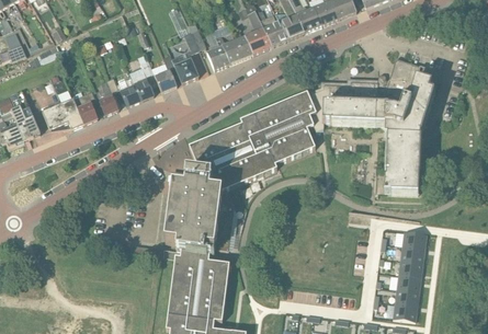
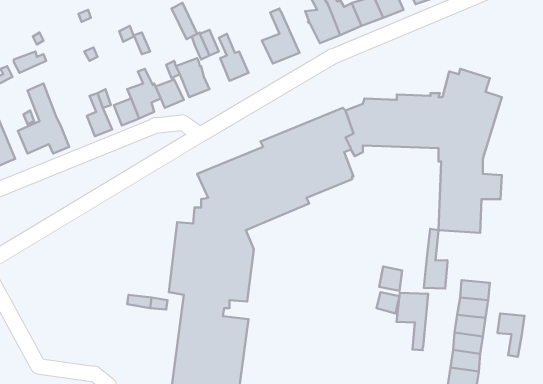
building: [254,8,287,46] -> none
building: [212,30,249,62] -> none
building: [72,90,97,123] -> none
building: none -> [424,229,448,288]
building: none -> [397,293,428,350]
building: none -> [498,314,525,357]

